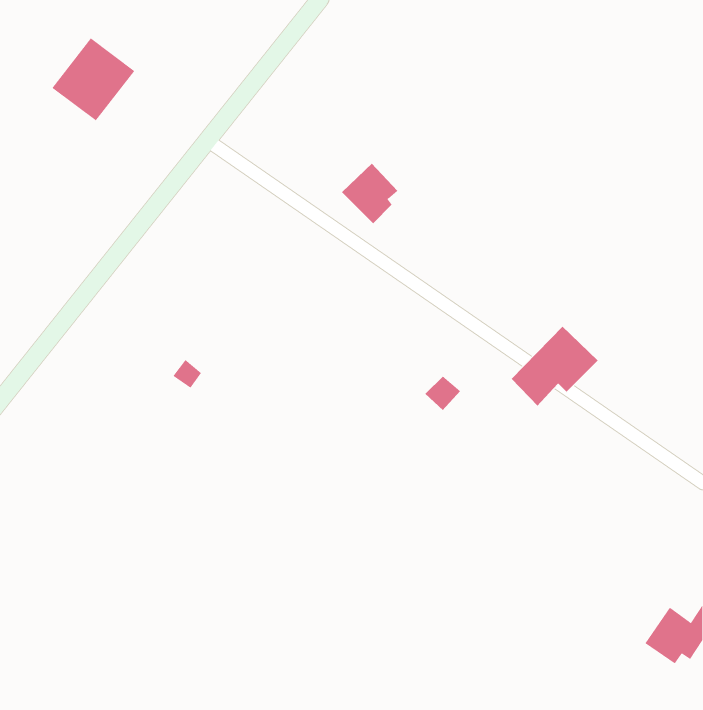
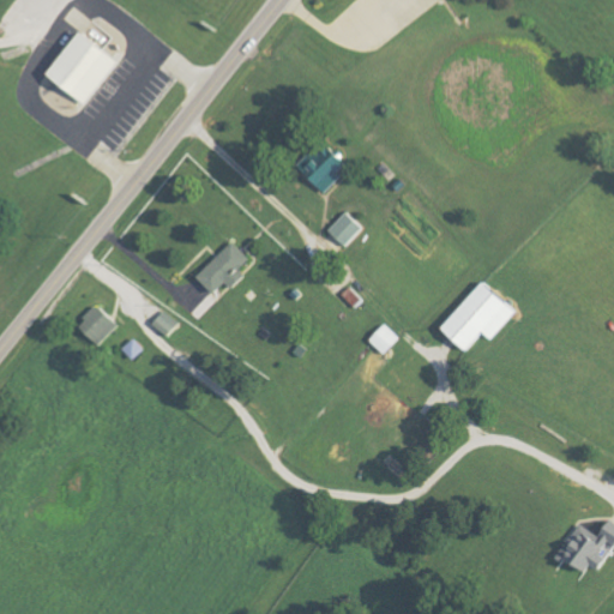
building: none -> [326,211,360,246]
building: none -> [195,241,246,293]
building: none -> [74,305,115,345]

